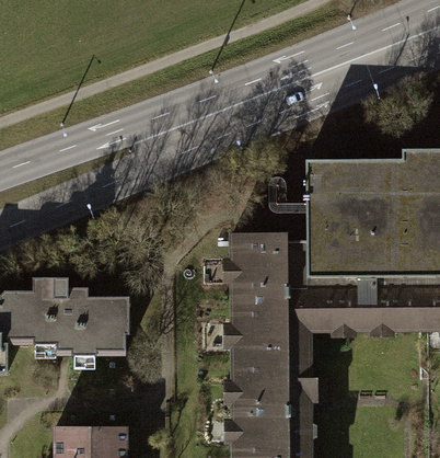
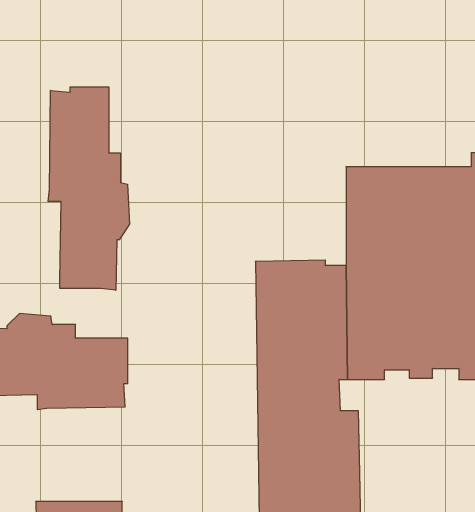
building: none -> [48,87,130,290]

